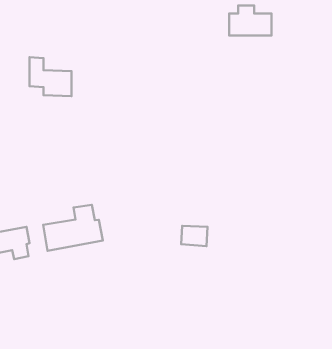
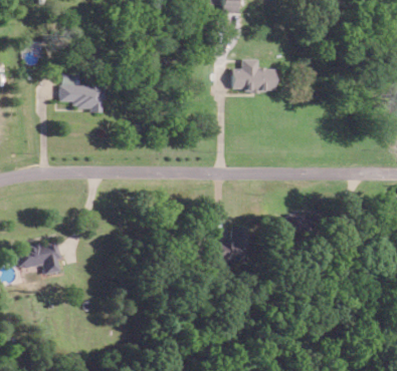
building: [229,5,271,36] -> [233,60,275,90]
building: [43,205,103,251] -> none

